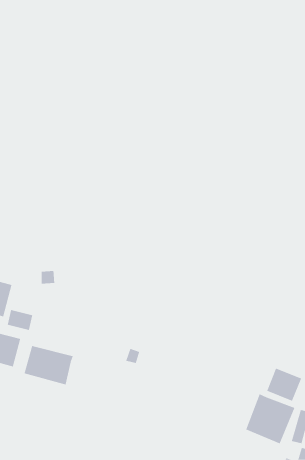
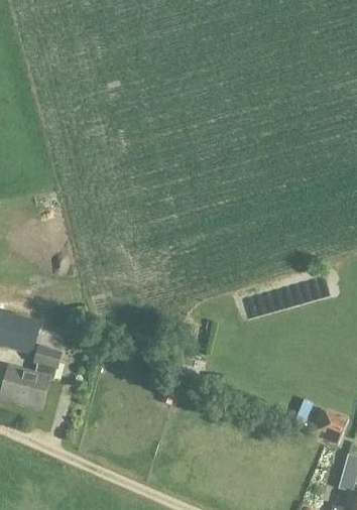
building: [23,345,74,385] -> none
building: [245,393,296,444] -> none

